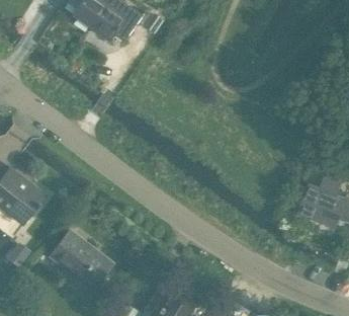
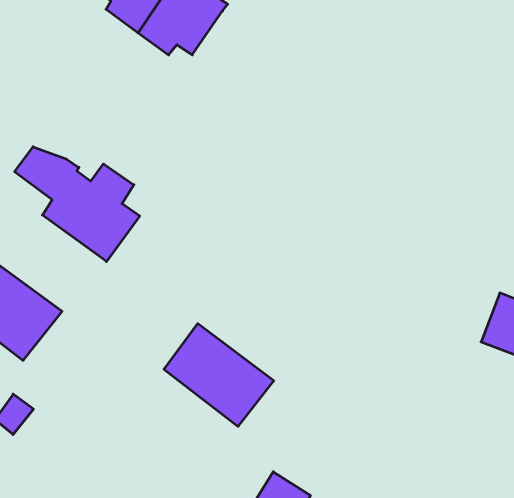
building: none -> [15,147,140,262]
building: [50,228,115,290] -> [164,324,274,426]

